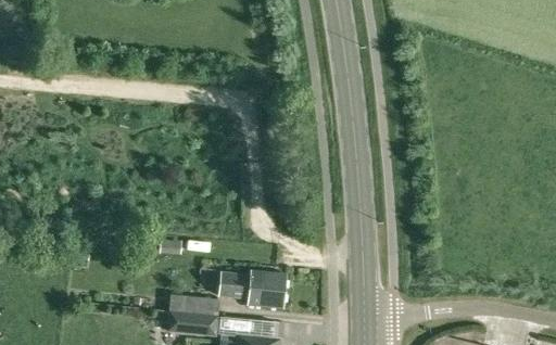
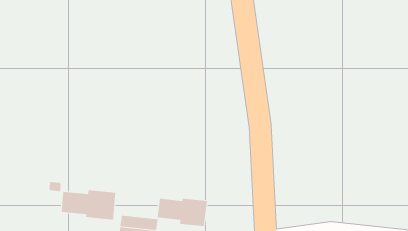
building: none -> [61,189,116,221]

